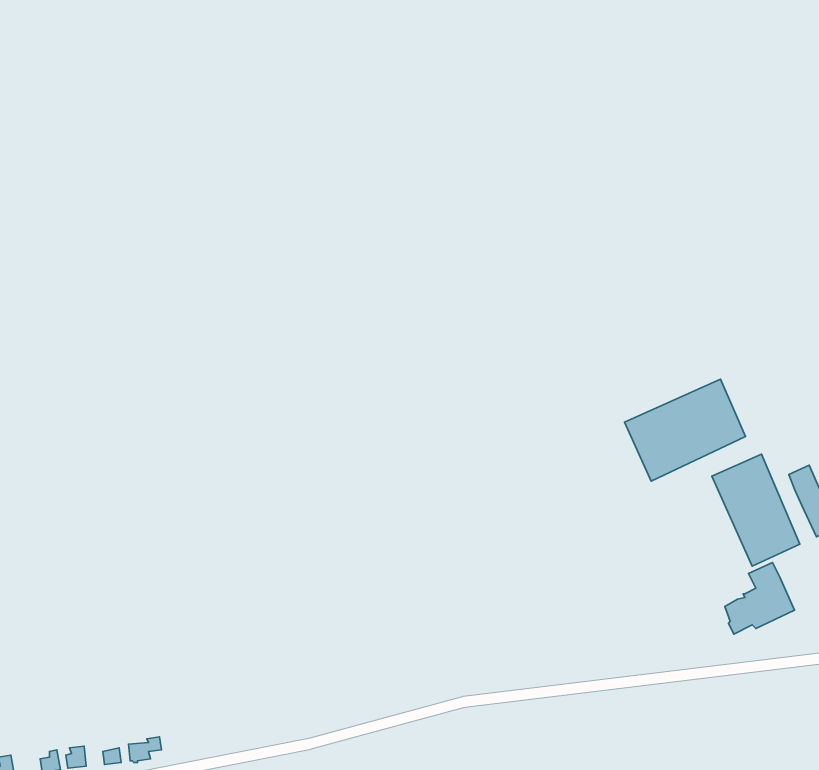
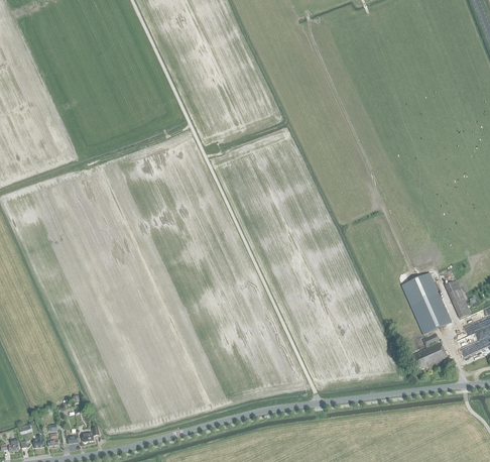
building: [624,379,746,481] -> none

